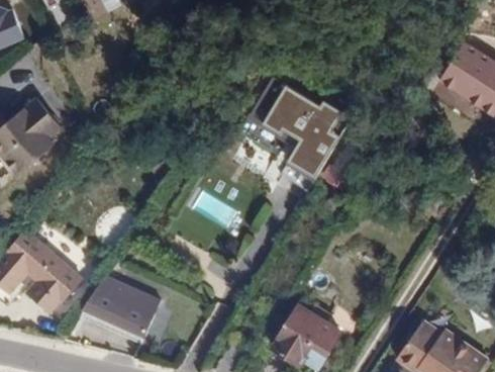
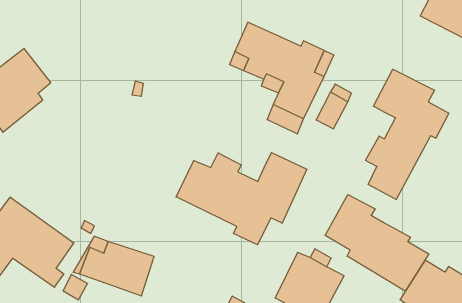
building: none -> [366,69,449,200]
building: none -> [176,153,307,245]
building: none -> [325,195,429,291]

